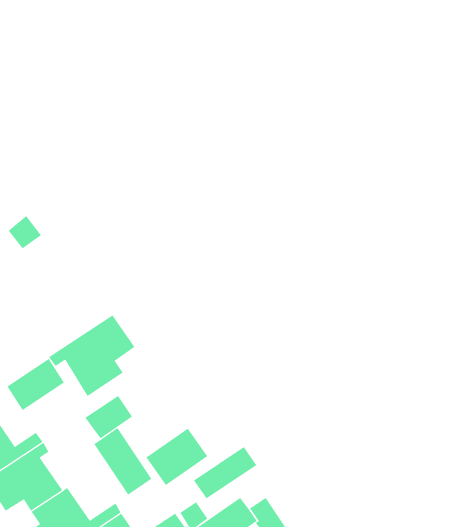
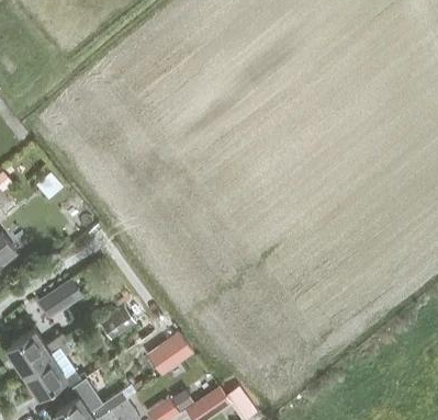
building: [48,314,135,397] -> none
building: [93,427,152,496] -> none
building: [193,446,257,499] -> none

